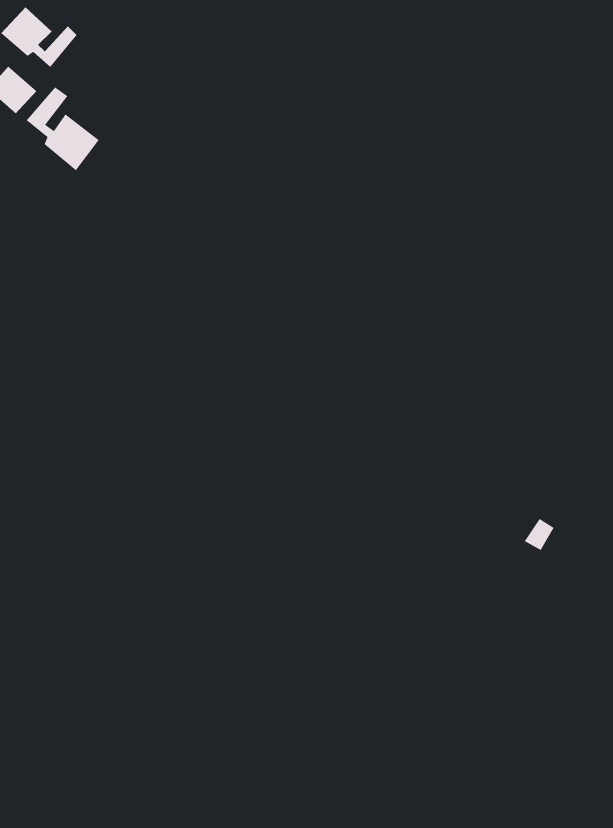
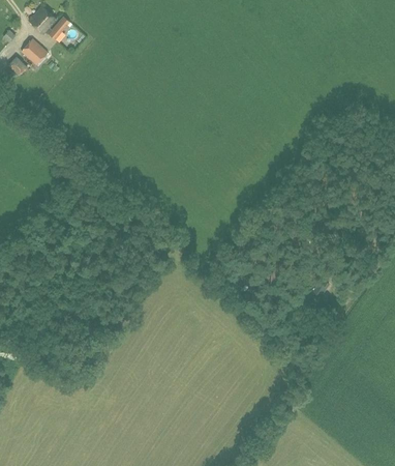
building: [26,86,99,171] -> none

